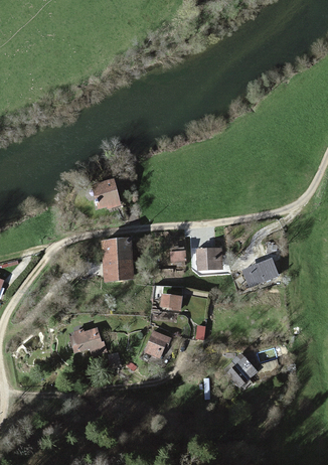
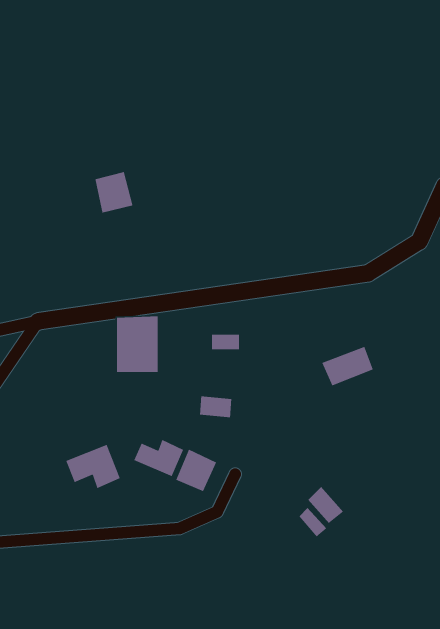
building: [95,179,121,207] -> [94,171,134,213]
building: [194,252,218,273] -> none
building: none -> [133,439,184,477]

